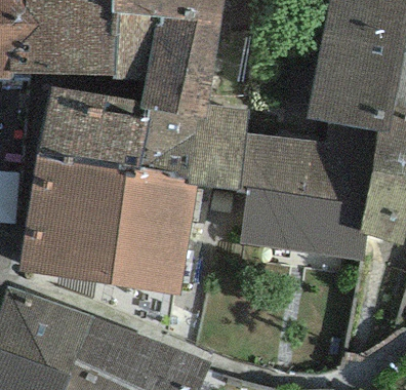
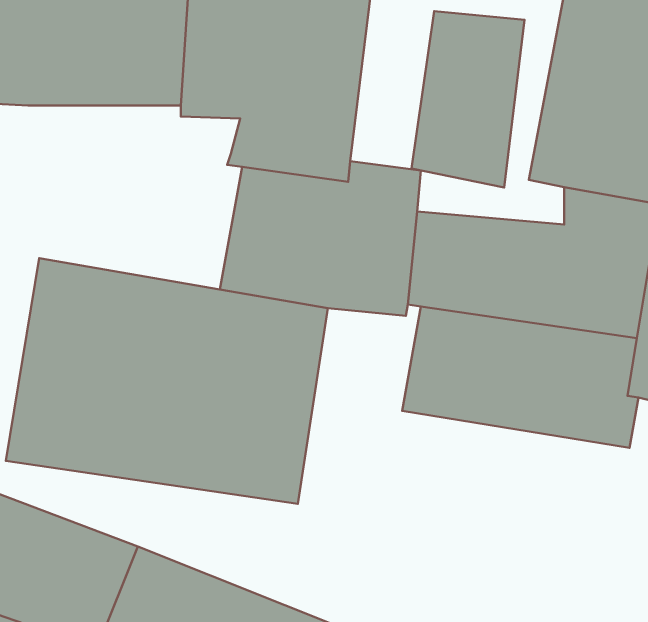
building: none -> [411,11,524,188]
building: [37,85,149,174] -> none

